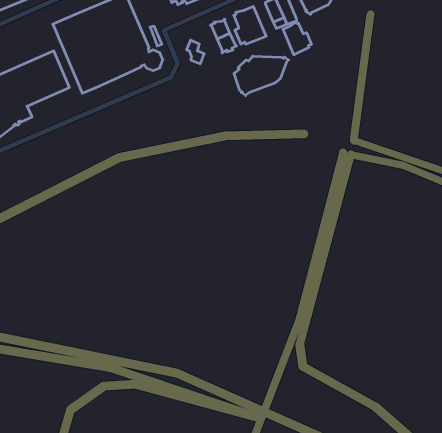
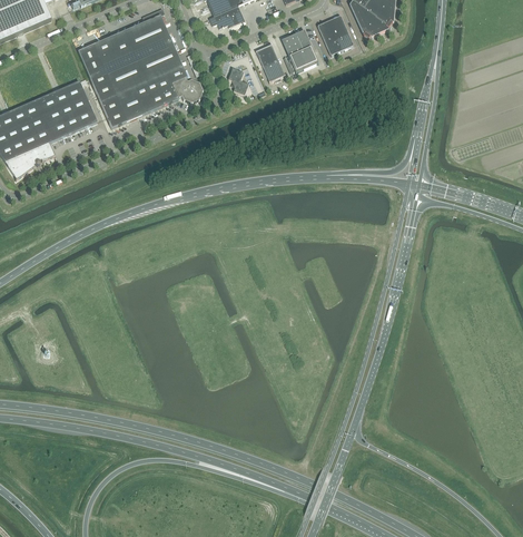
building: [283,22,311,55] -> none
building: [234,56,289,96] -> none

